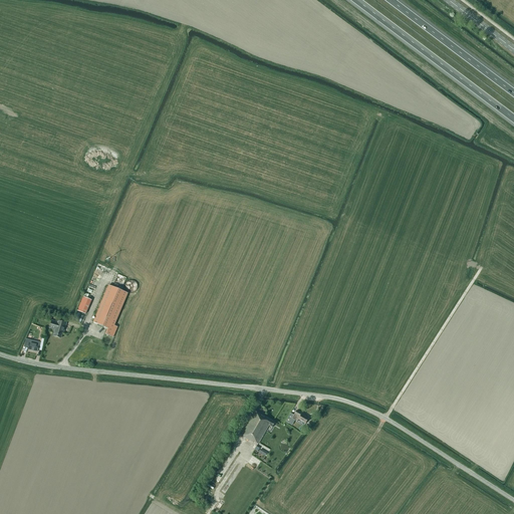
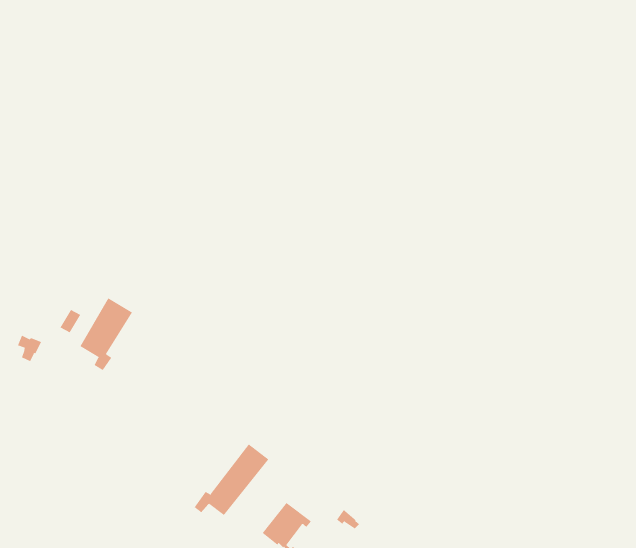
building: none -> [194,444,269,516]

